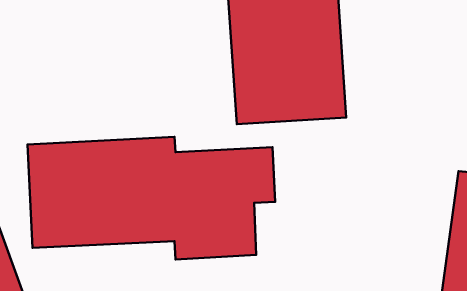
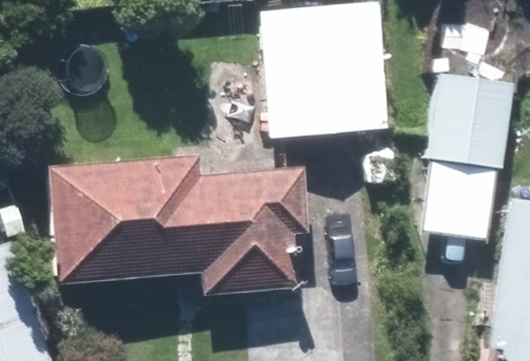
building: none -> [424,76,504,237]

